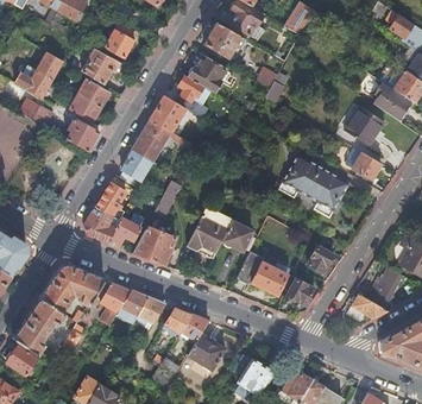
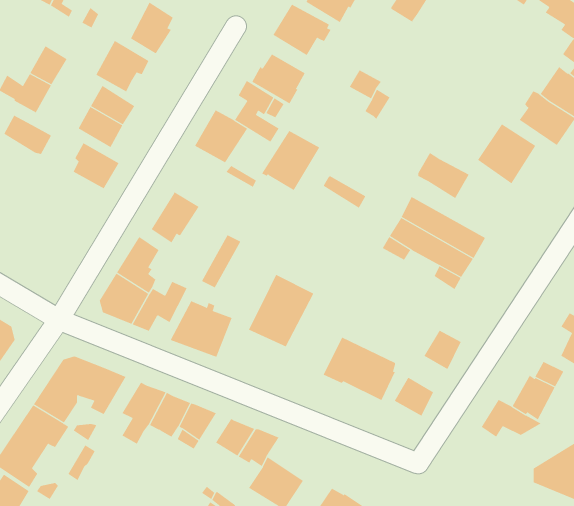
building: [131,120,171,162] -> [261,130,320,191]
building: [346,147,382,179] -> [417,152,470,199]
building: [223,221,253,251] -> none

